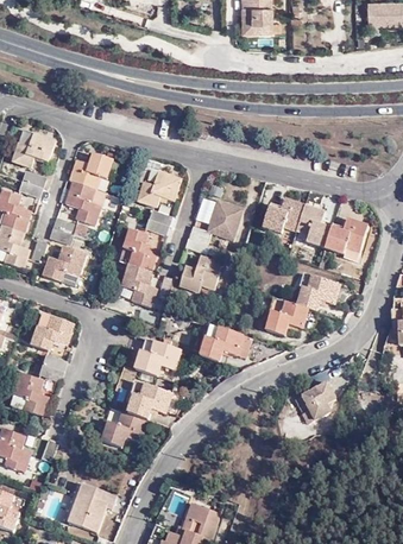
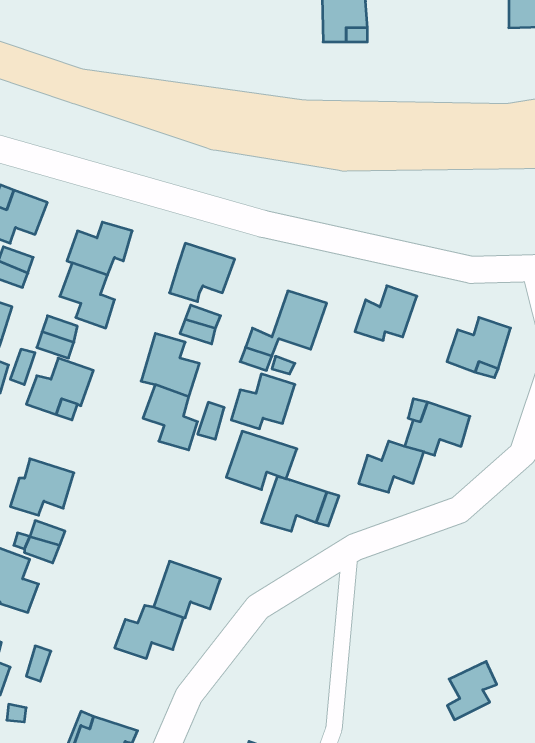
building: [295,203,332,247] -> none
building: [134,337,182,377] -> [226,431,297,490]
building: [300,382,333,422] -> [447,661,497,720]

